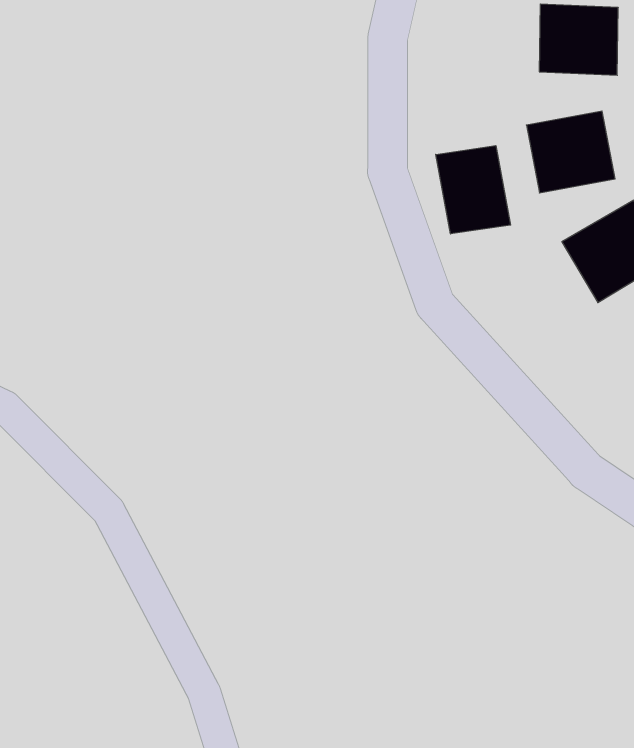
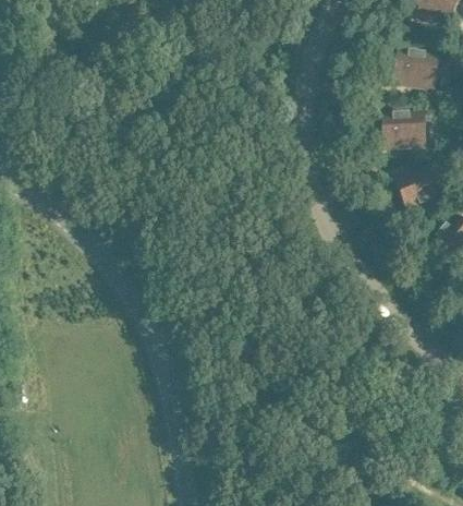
building: [436,146,511,234] -> none

